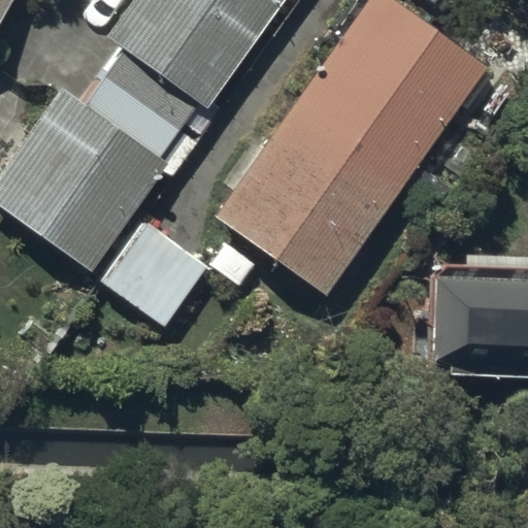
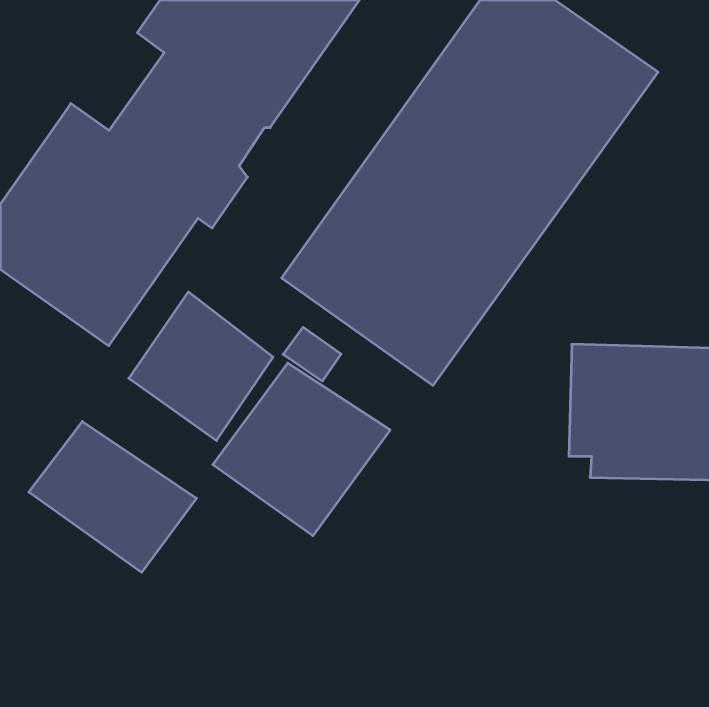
building: none -> [213,363,390,536]
building: none -> [29,421,197,572]

